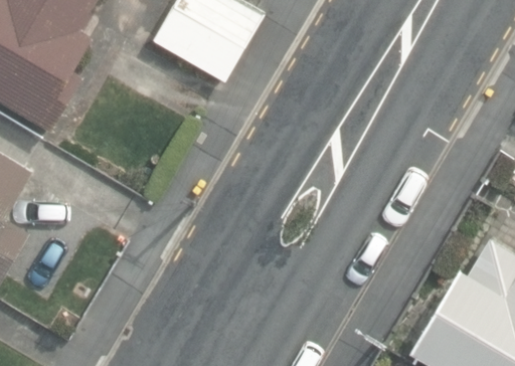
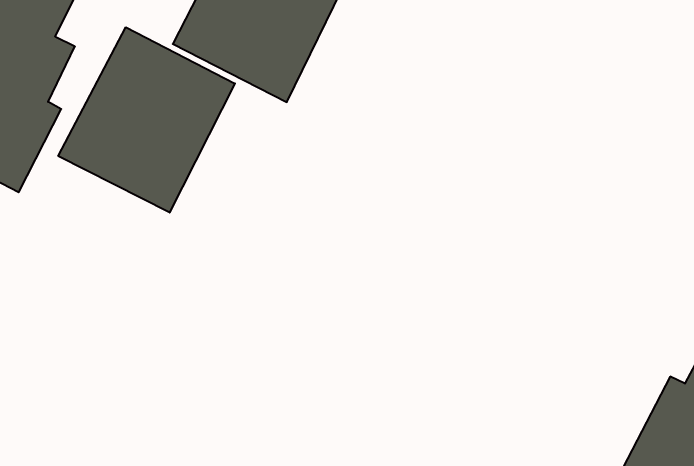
building: none -> [58,27,235,213]

